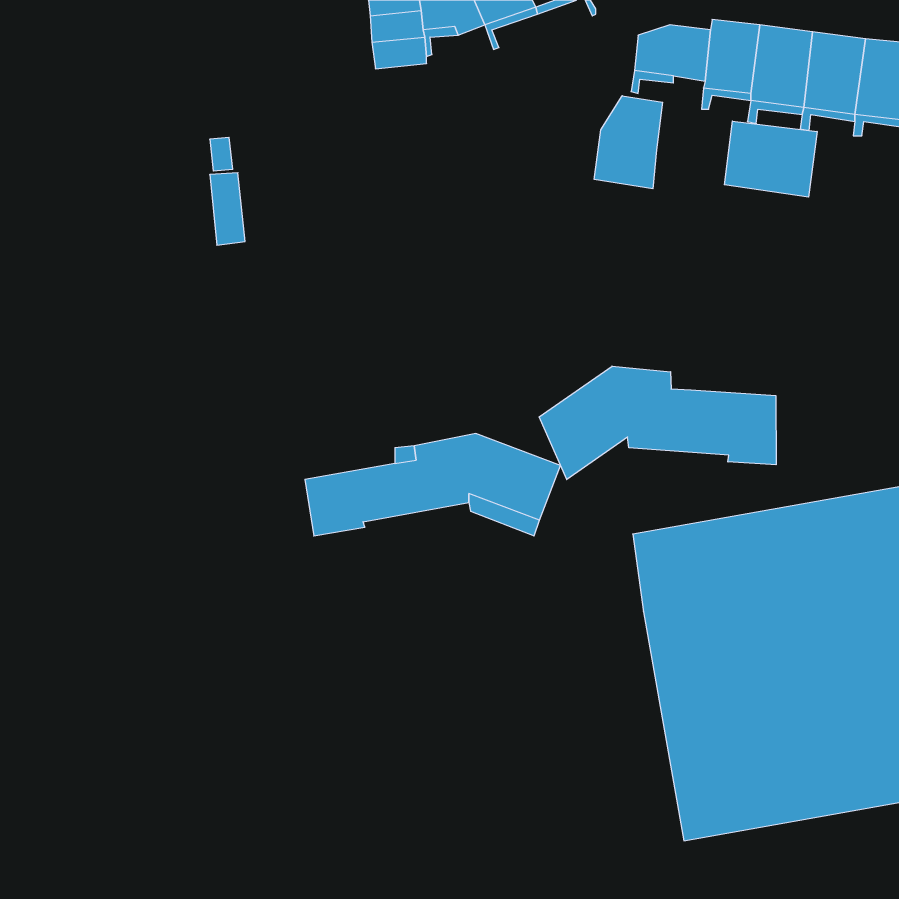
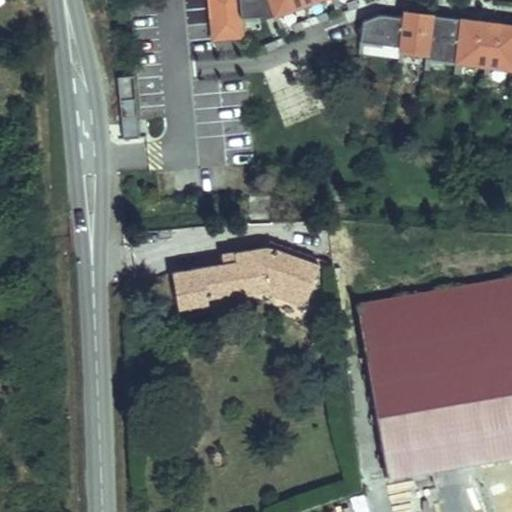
building: [594,96,663,189] -> none
building: [724,121,817,197] -> none
building: [539,366,776,480] -> none

